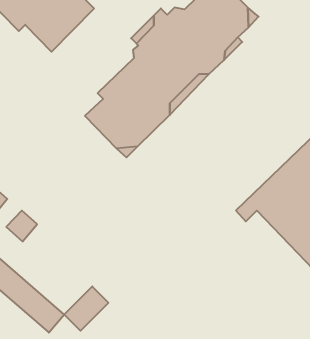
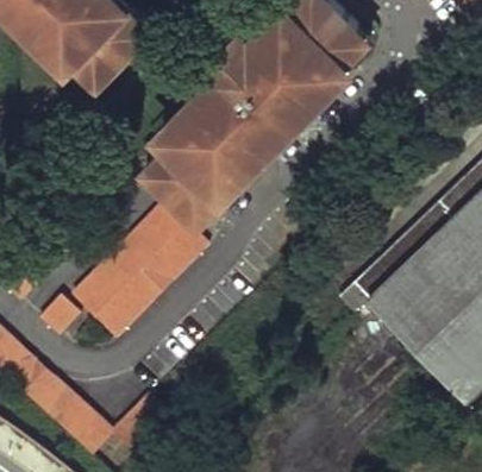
building: none -> [69,204,205,339]

